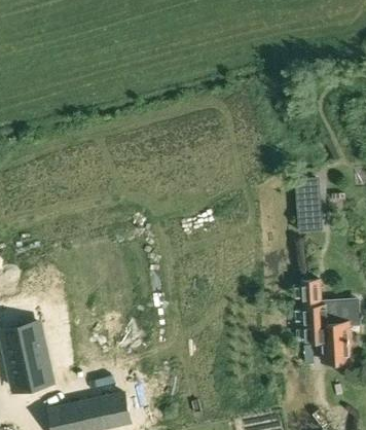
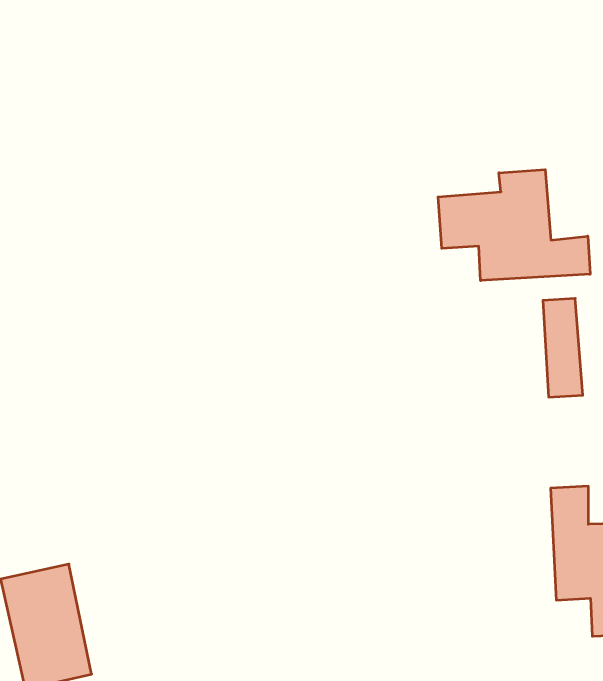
building: none -> [438,170,590,281]

